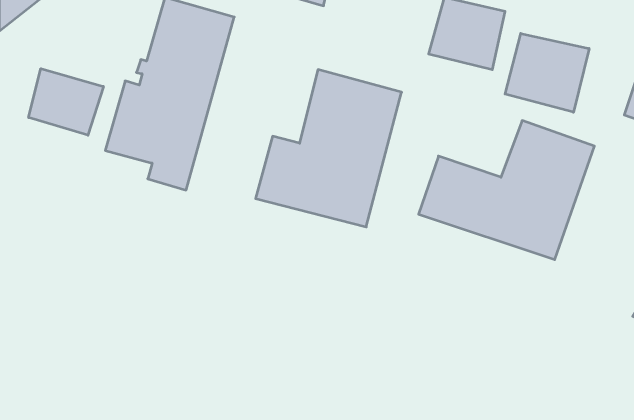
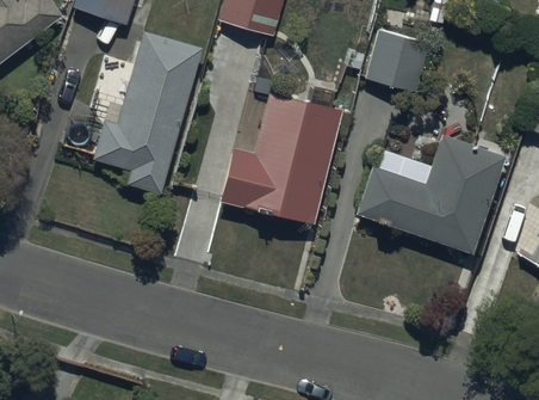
building: [505,33,589,112] -> none
building: [29,69,103,135] -> none

